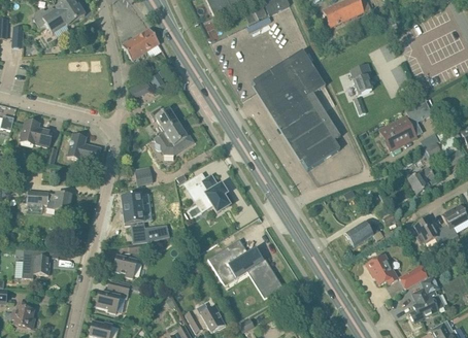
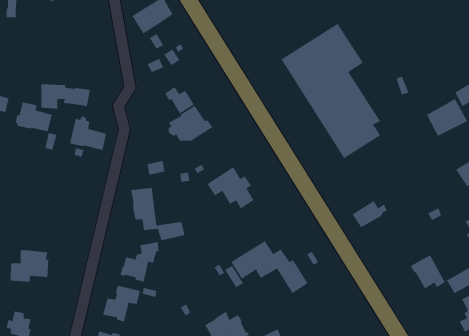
building: [352,64,374,95] -> none
building: [27,190,71,212] -> [40,83,91,109]
building: [346,222,378,246] -> [351,200,388,228]

